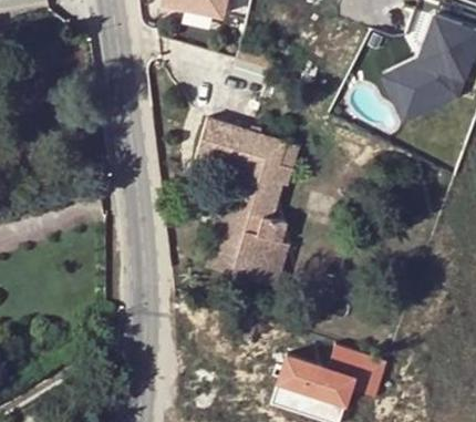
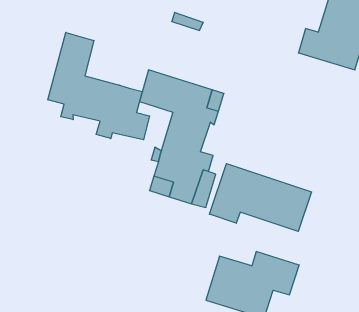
building: none -> [48,32,150,140]
building: none -> [209,164,311,231]

